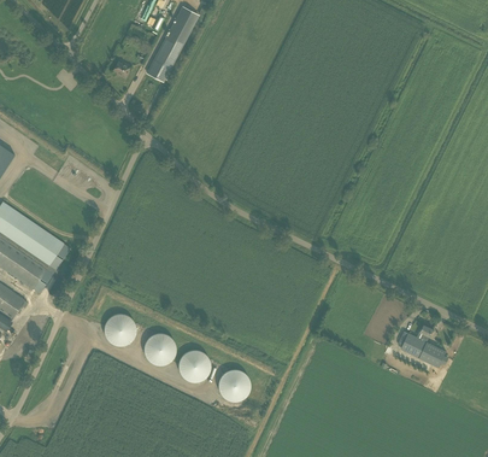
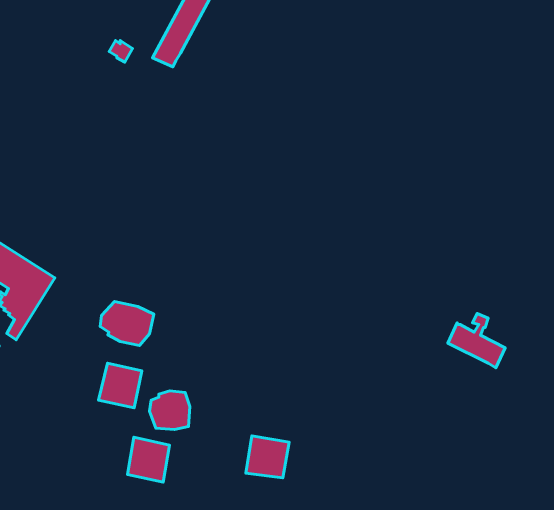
building: none -> [100,301,154,346]
building: [400,326,445,368] -> [448,314,505,368]
building: [178,348,211,383] -> [128,437,169,482]

